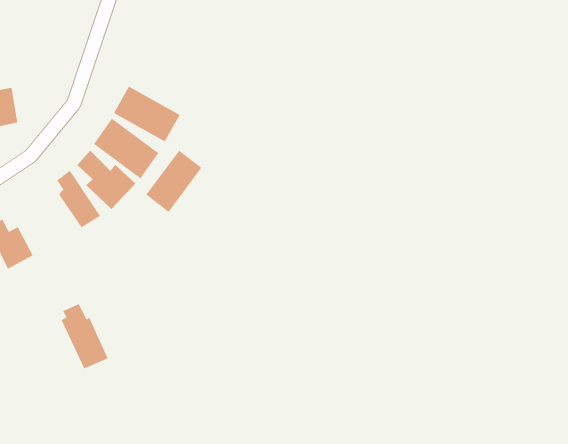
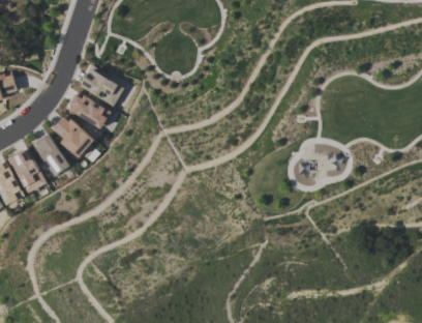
building: [146,150,202,213] -> none
building: [61,303,108,369] -> [14,145,47,189]

